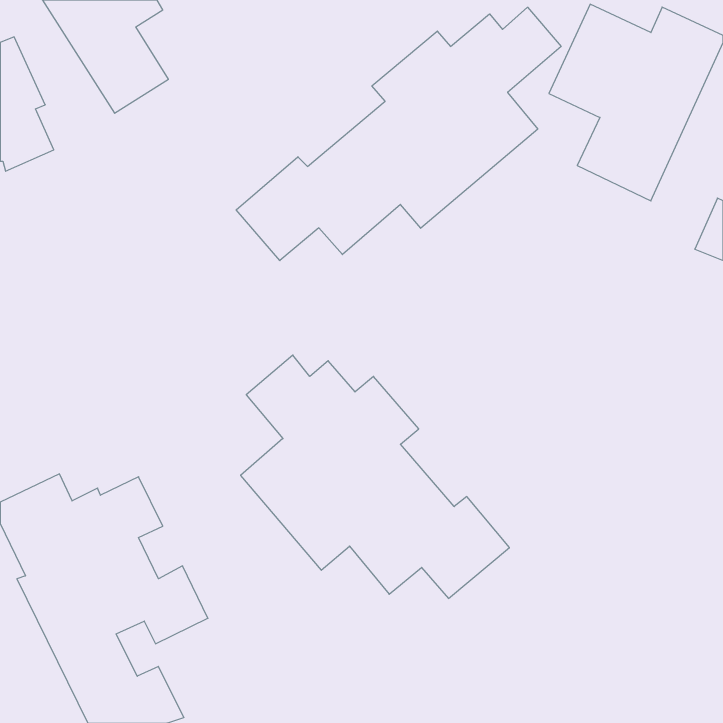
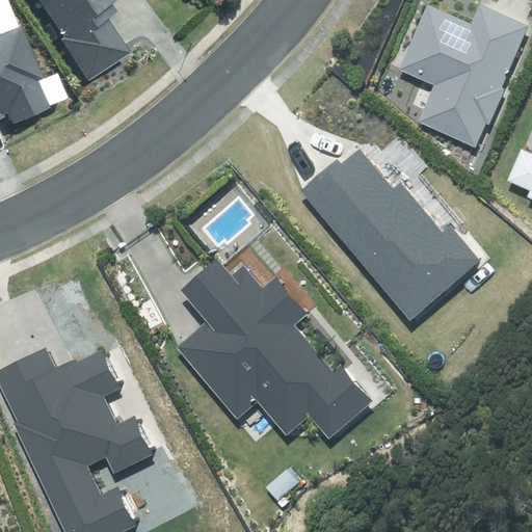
building: [236,7,561,261] -> none
building: none -> [300,149,480,319]

